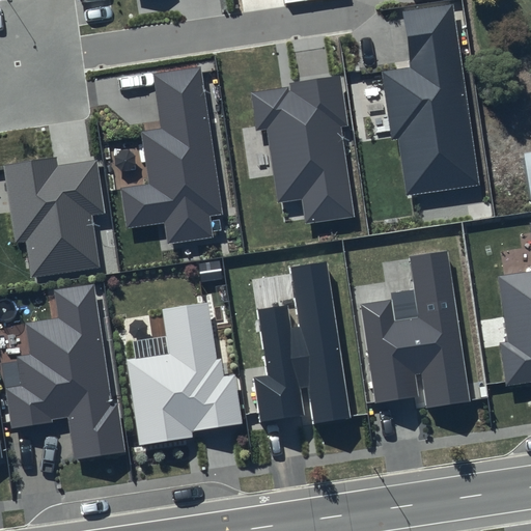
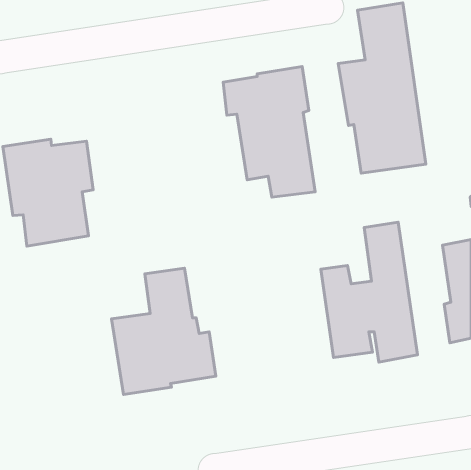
building: [120,65,222,243] -> none
building: [253,260,352,423] -> none
building: [5,283,125,459] -> none

